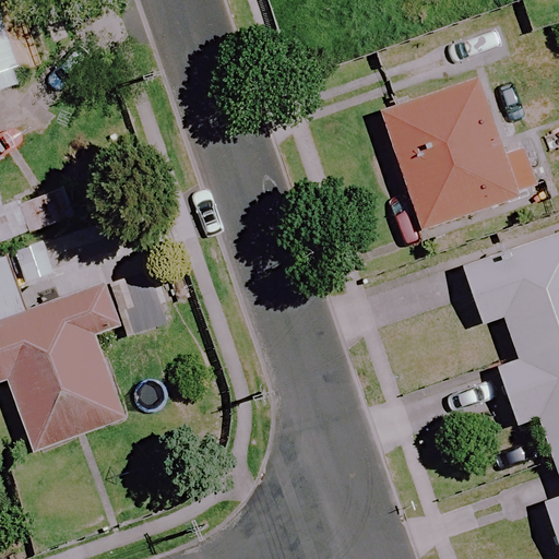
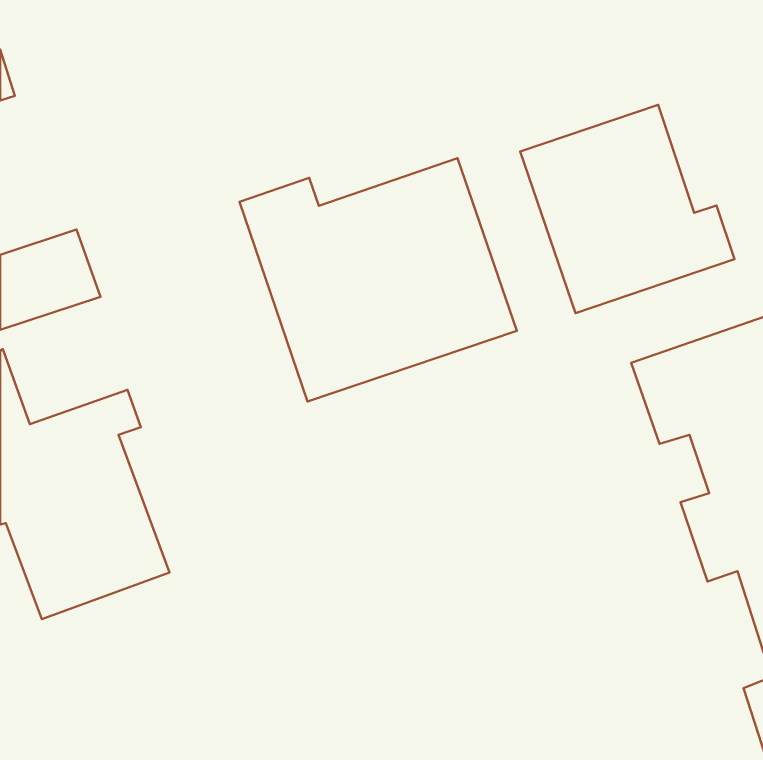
building: none -> [240,158,517,401]

